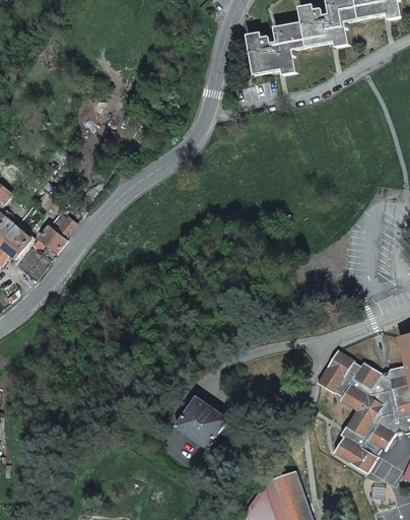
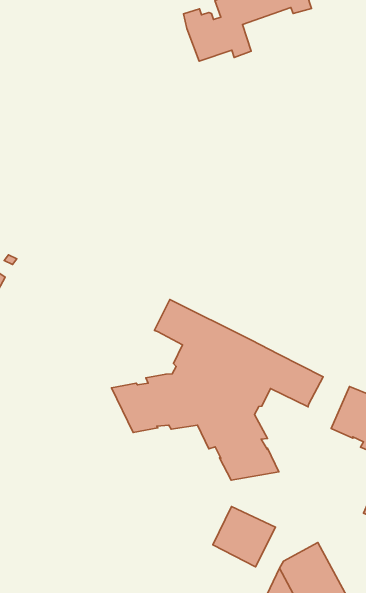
building: none -> [111,299,323,480]
building: [177,397,228,448] -> [213,506,275,567]

